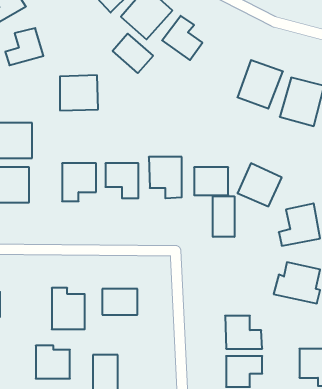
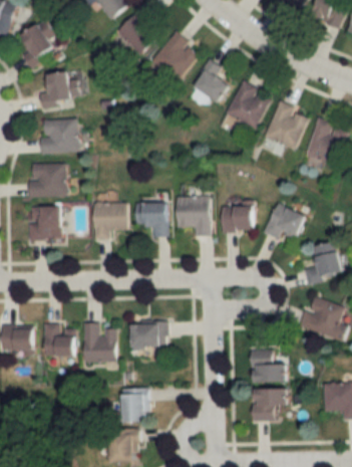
building: [113,34,153,73] -> none
building: none -> [225,81,269,128]
building: [60,75,98,110] -> [39,118,76,152]
building: [213,196,234,237] -> none
building: [36,346,70,379] -> [42,324,75,357]

